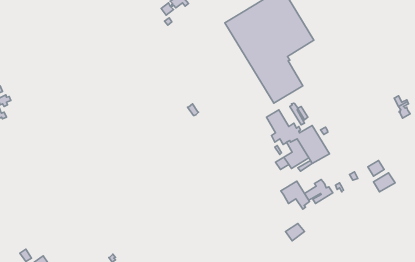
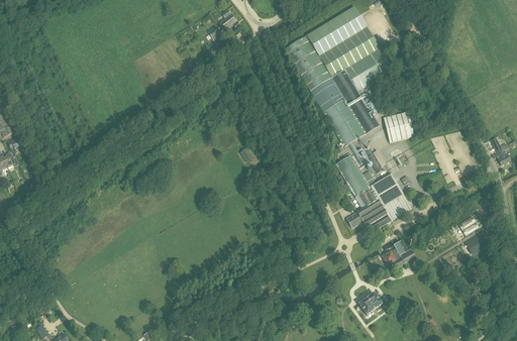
building: none -> [383,112,412,142]
building: [281,181,310,209] -> none

